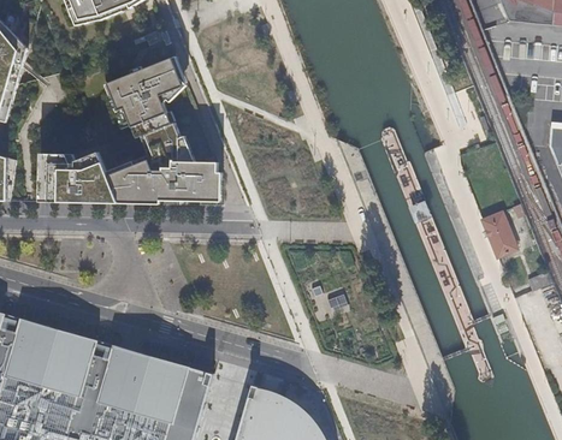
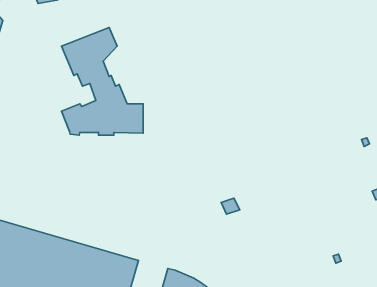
building: [39,155,118,202] -> none
building: [479,213,514,260] -> none

